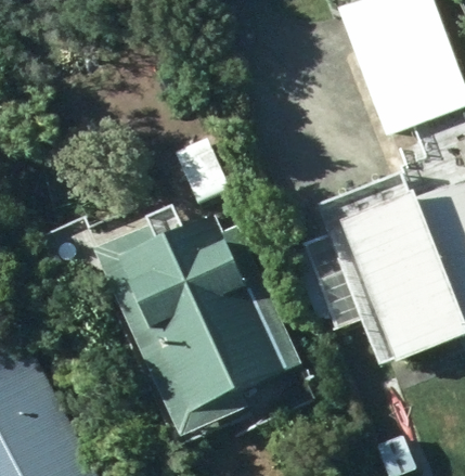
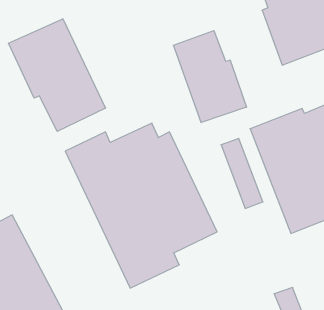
building: none -> [9,19,105,131]
building: none -> [173,31,247,123]

